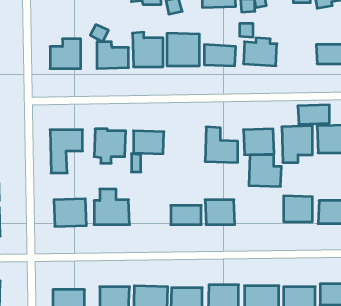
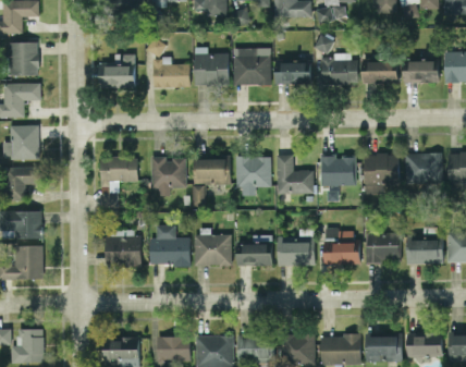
building: [298,105,329,124] -> [361,61,397,83]
building: none -> [236,157,271,196]
building: [249,155,281,186] -> [323,230,360,266]
building: none -> [194,234,232,266]

